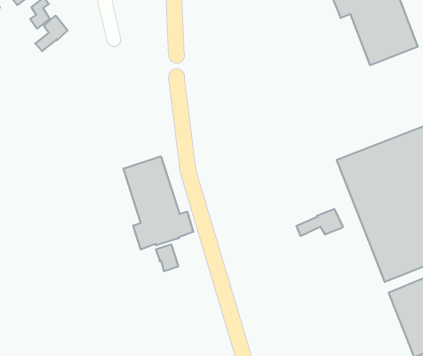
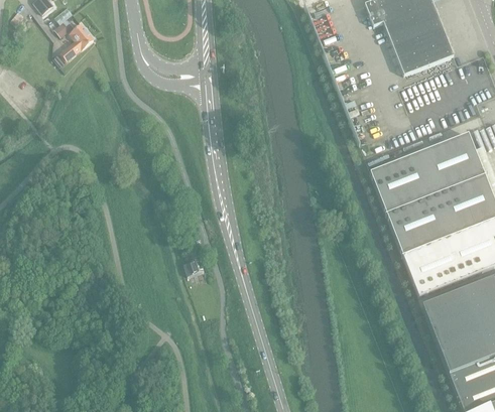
building: [123,156,193,250] -> none
building: [296,209,343,236] -> none

